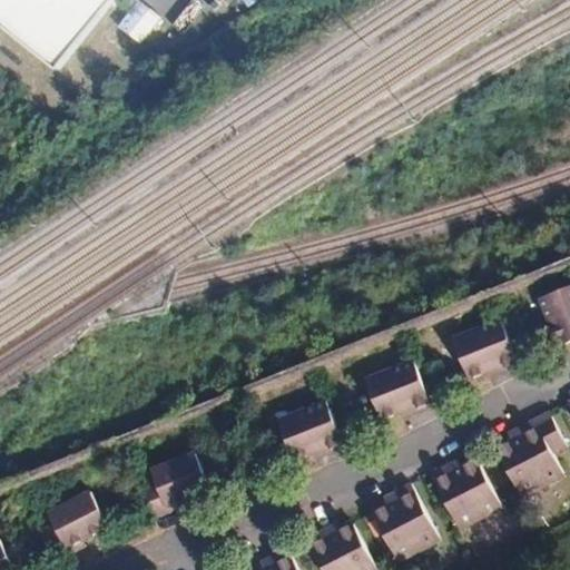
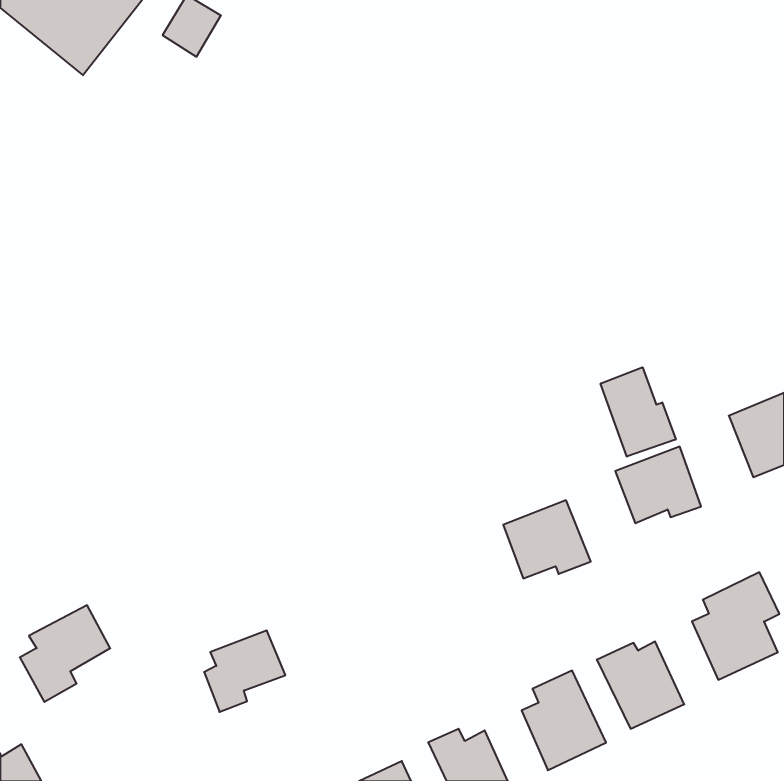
building: none -> [601,367,676,457]
building: [283,403,343,456] -> none
building: [38,490,104,560] -> [20,605,110,702]

